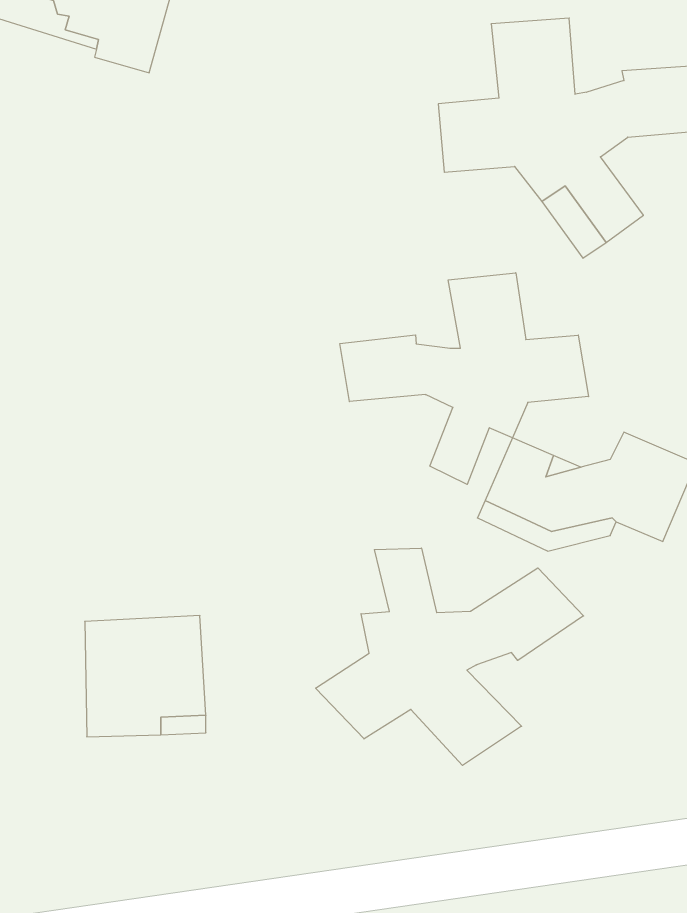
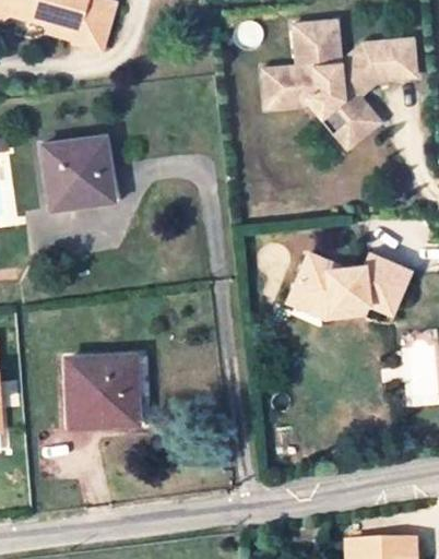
building: none -> [44,135,108,206]
building: [340,273,589,484] -> none
building: [316,548,584,765] -> none

